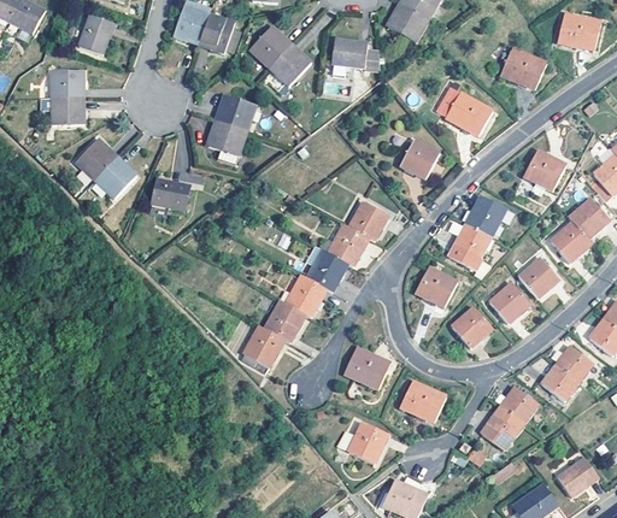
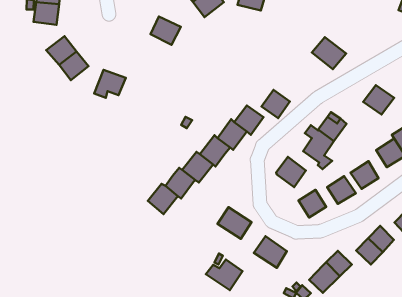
building: [499,48,546,89] -> none
building: [206,120,247,158] -> none
building: [399,140,437,178] -> [262,90,290,118]

